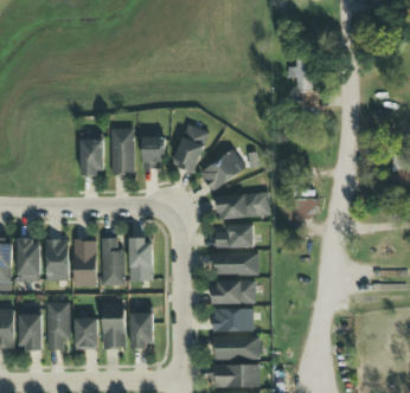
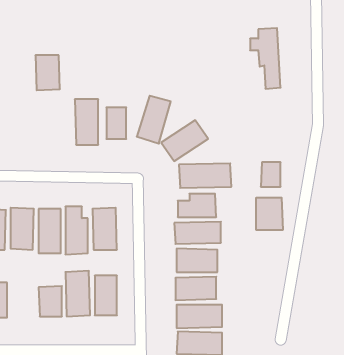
building: [79,138,104,174] -> [35,55,60,90]
building: none -> [256,198,283,230]
building: [46,302,69,349] -> none

